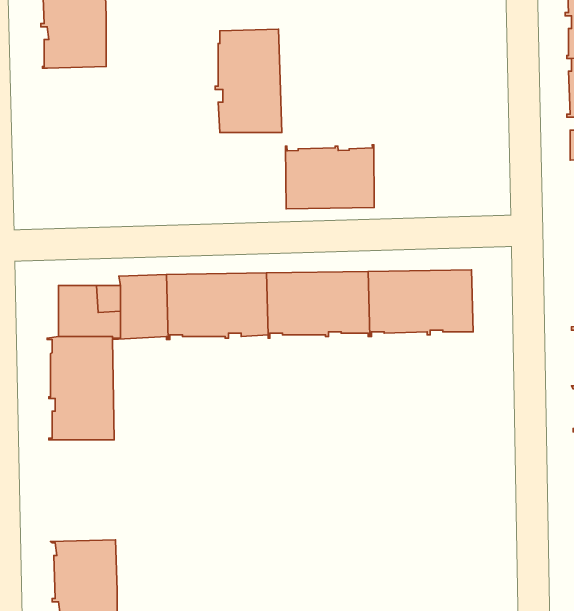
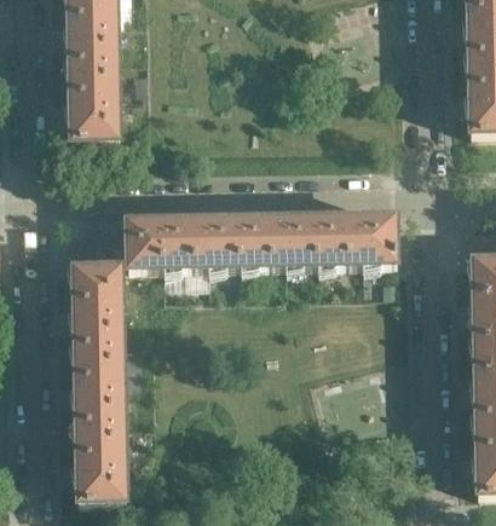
building: [215,29,282,132] -> [68,58,119,137]
building: [286,145,374,209] -> none
building: none -> [73,342,123,420]

